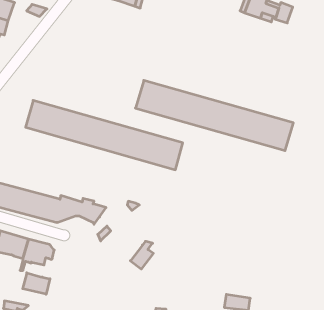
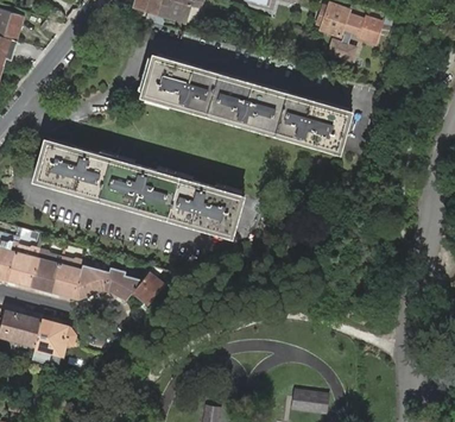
building: [135,80,293,151] -> [145,57,348,147]
building: [130,241,153,269] -> [133,266,163,302]
building: [23,273,50,294] -> none

